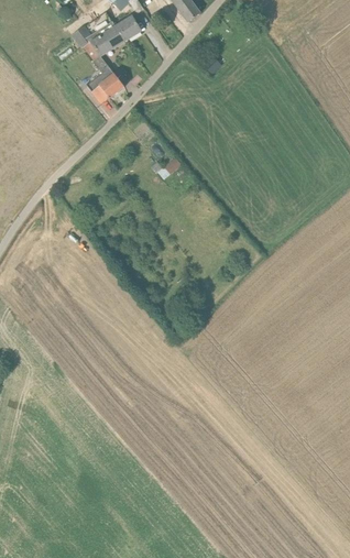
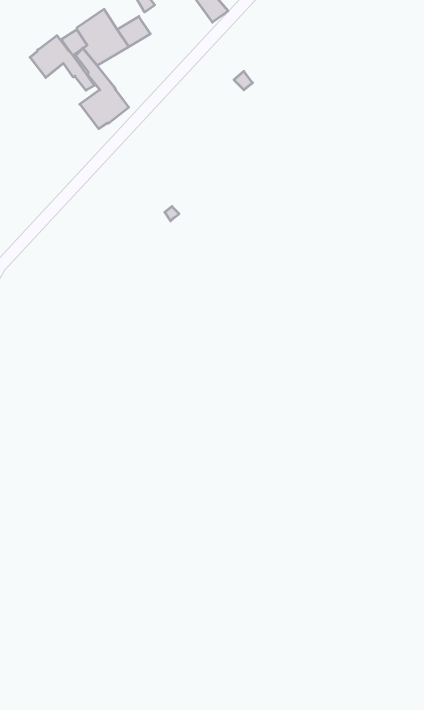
building: none -> [30,36,94,90]

